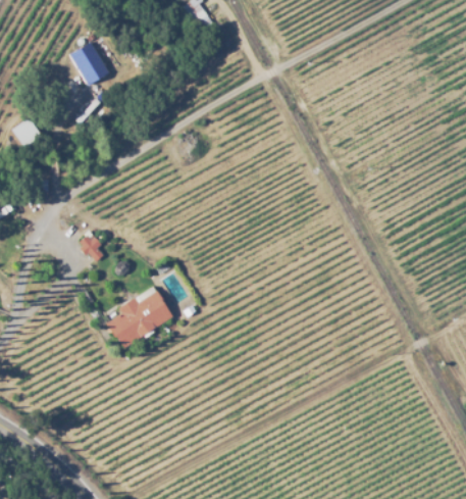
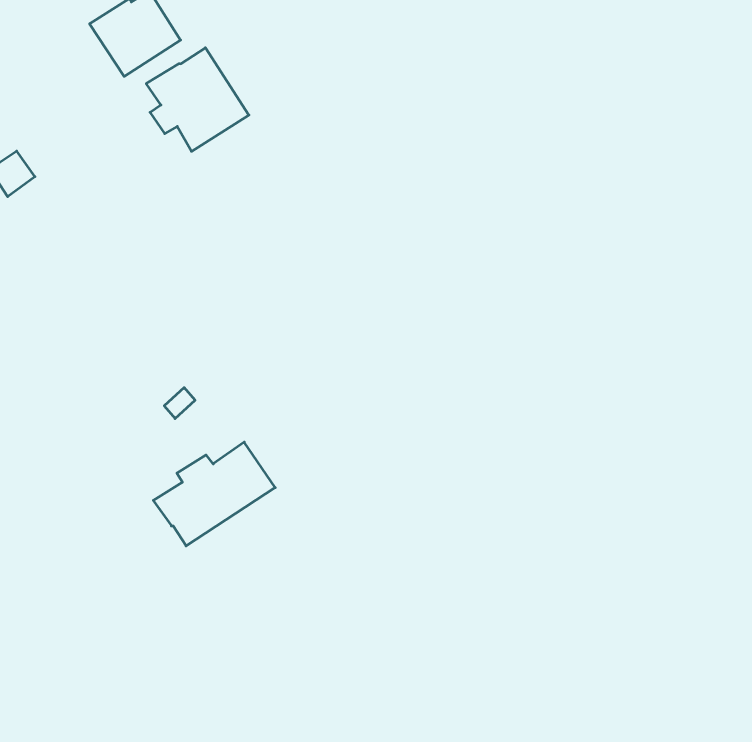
building: none -> [146,48,249,151]
building: [79,234,104,261] -> none

